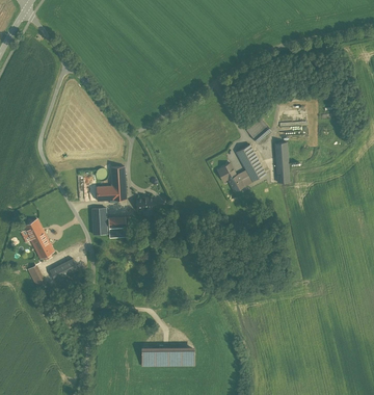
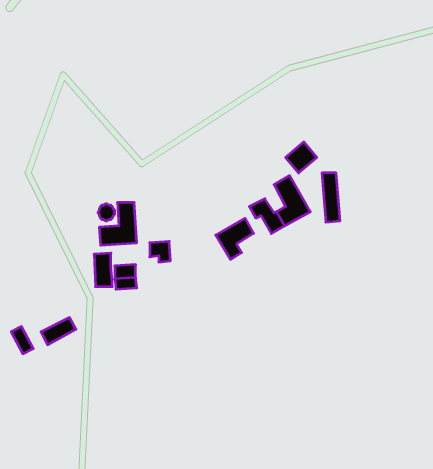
building: none -> [216,218,254,259]
building: [25,219,55,257] -> none
building: [142,346,194,366] -> none

